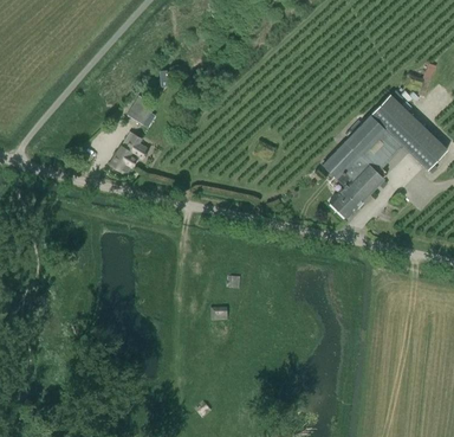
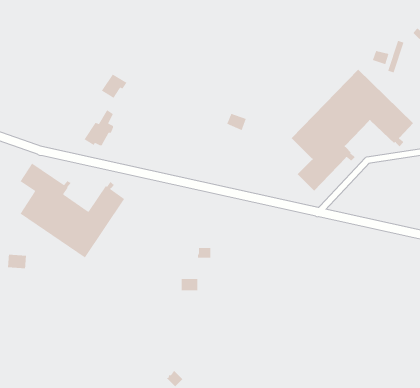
building: none -> [19,163,125,258]

